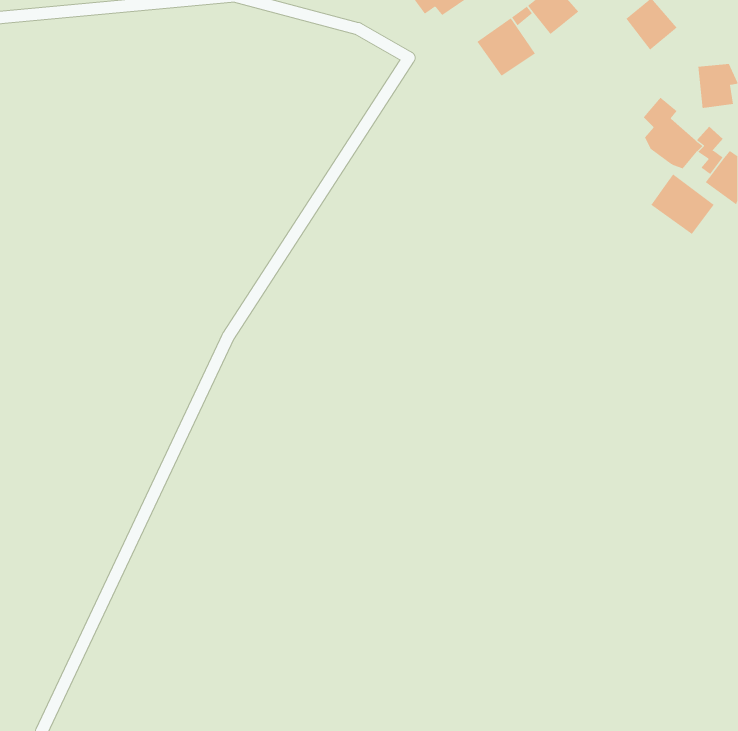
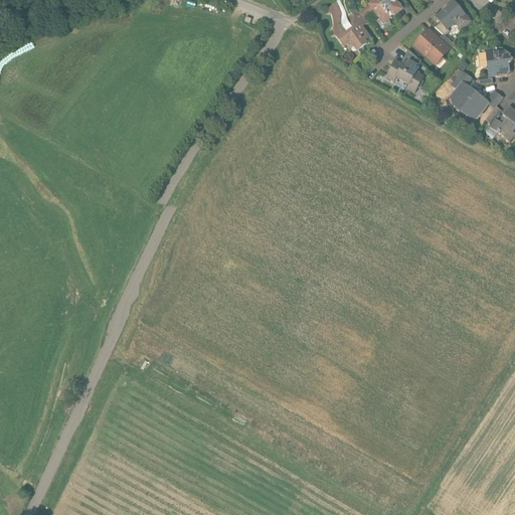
building: none -> [412,25,453,64]
building: none -> [384,53,427,92]
building: [651,173,714,235] -> none

